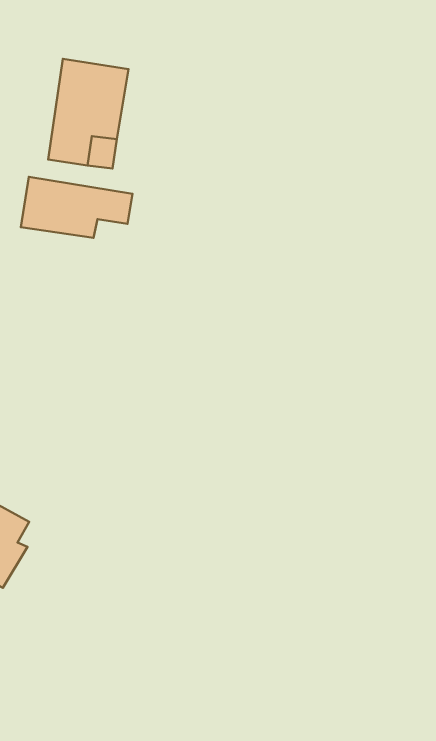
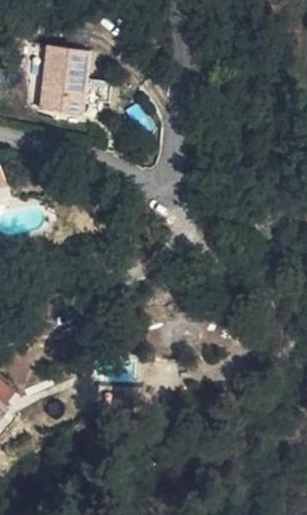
building: [21,177,132,238] -> none

